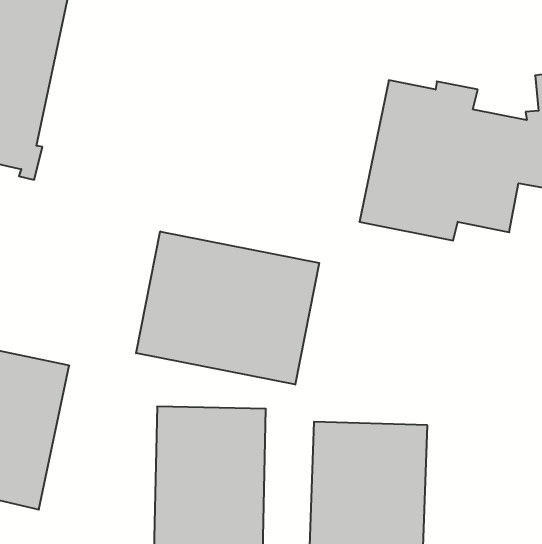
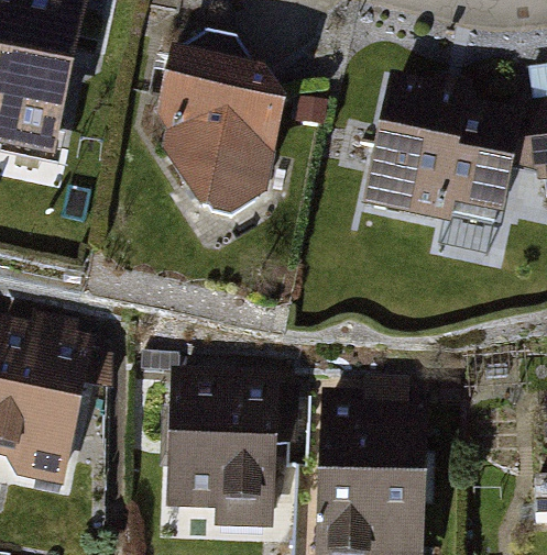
building: none -> [155,41,285,227]
building: [136,231,319,385] -> none

